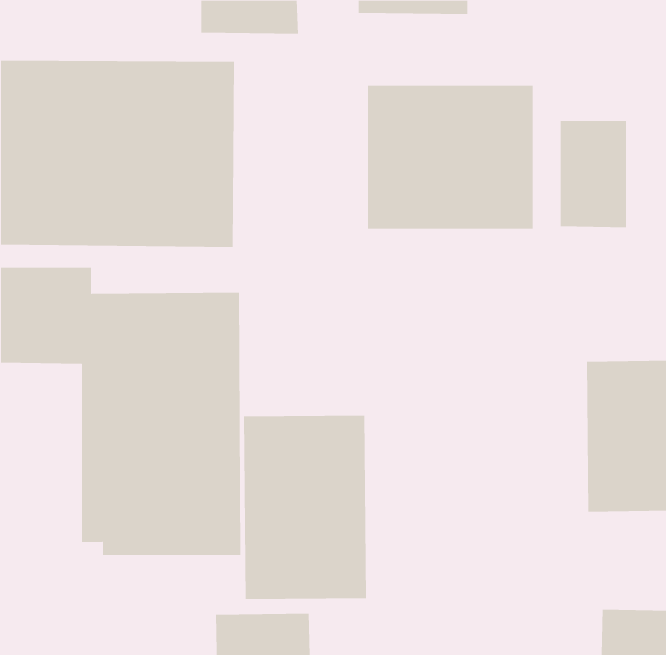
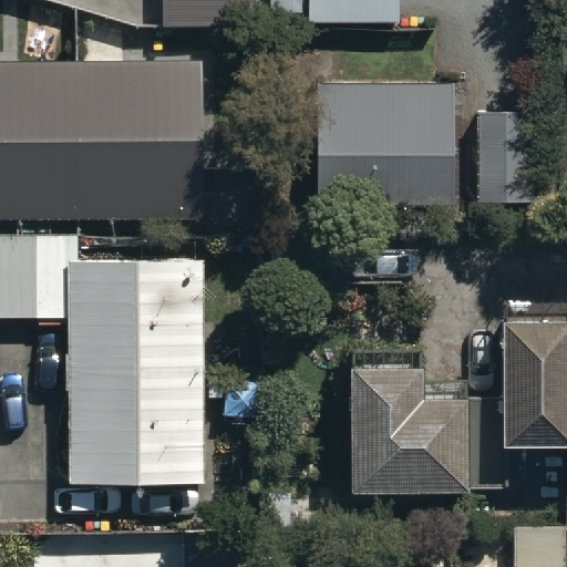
building: none -> [344,353,464,477]
building: [244,415,367,600] -> none

